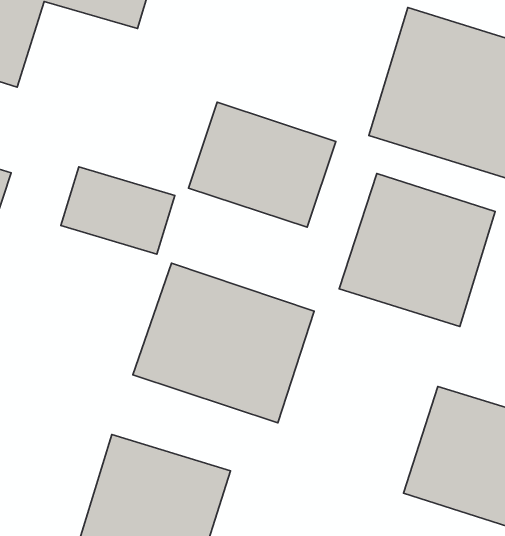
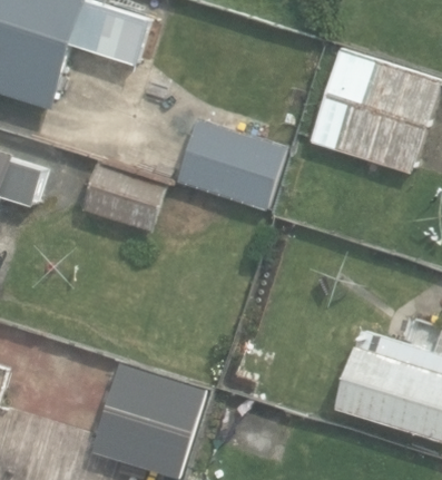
building: [339,173,495,327] -> none
building: [133,263,314,423] -> none

